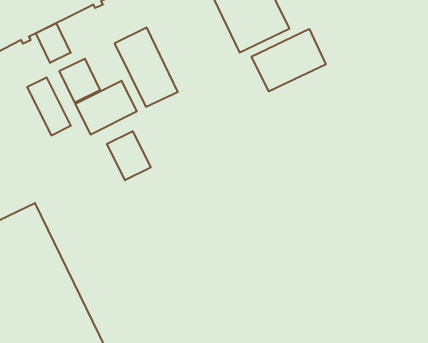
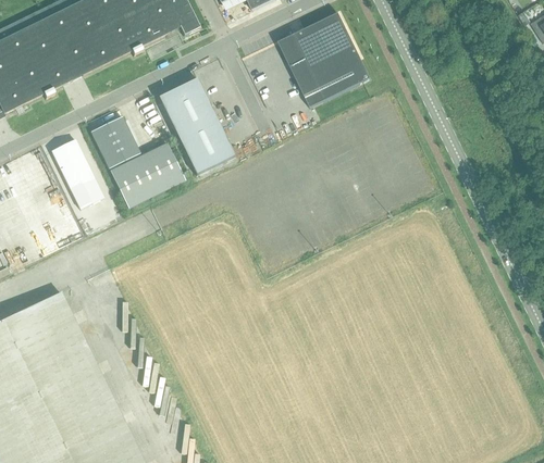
building: [36,23,71,63] -> none
building: [252,29,326,91] -> none
building: [107,131,151,180] -> none

